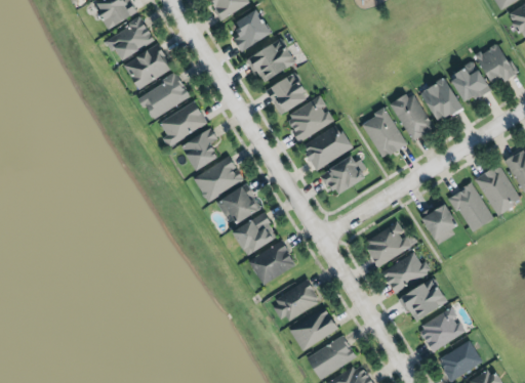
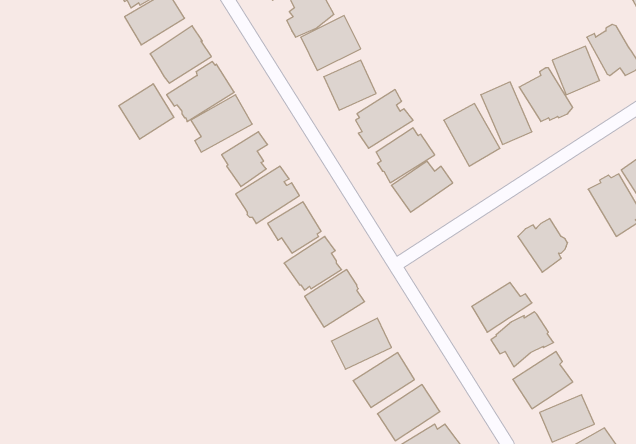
building: none -> [119,84,174,139]
building: [448,179,493,230] -> none
building: [366,219,417,265] -> none

